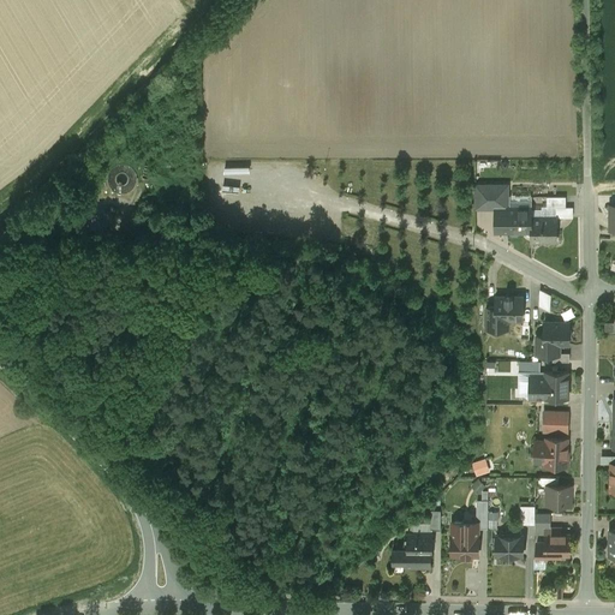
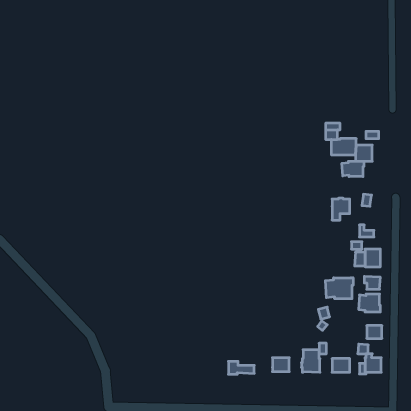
building: none -> [342,161,364,177]
building: [543,323,568,345] -> none
building: none -> [325,278,353,299]
building: [392,549,430,568] -> [228,361,254,374]

